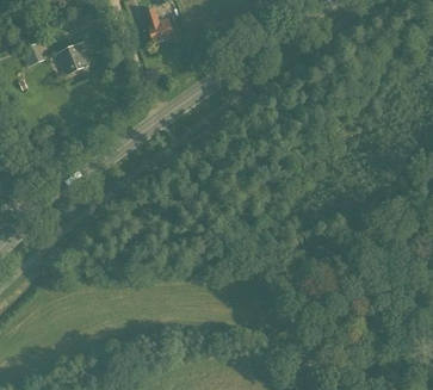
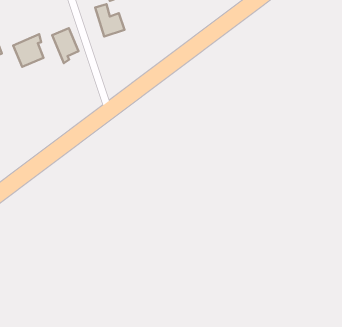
building: none -> [52,28,78,63]

